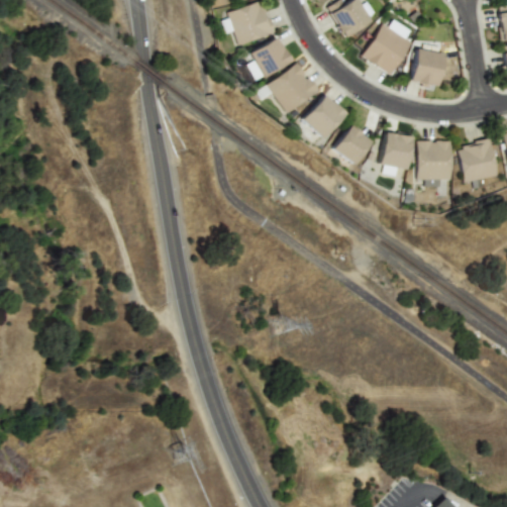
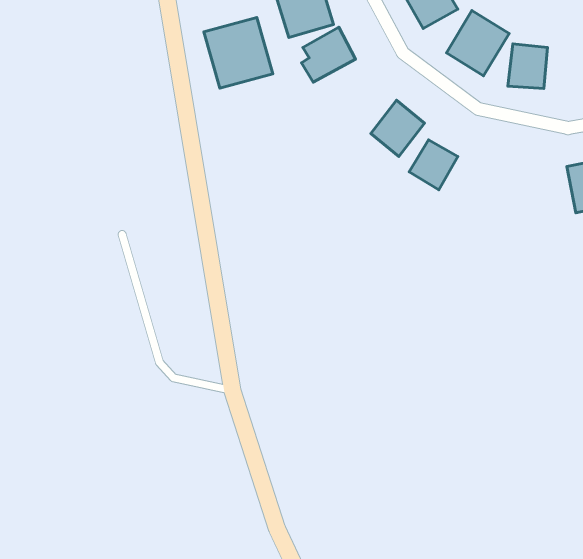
building: none -> [204,18,273,88]
building: [269,64,320,114] -> none
building: [382,133,413,169] -> none
building: [418,141,453,181] -> none

